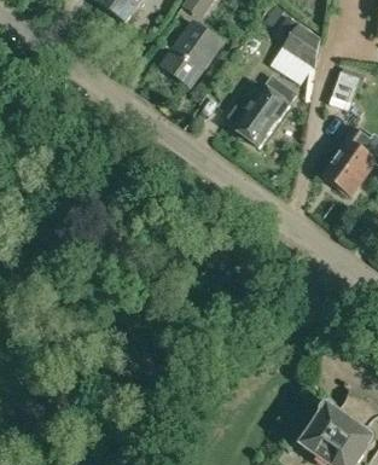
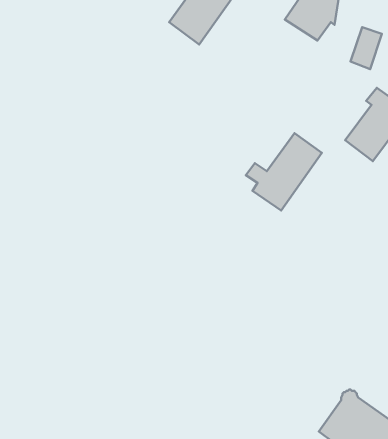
building: [227,75,297,146] -> [246,133,322,211]

